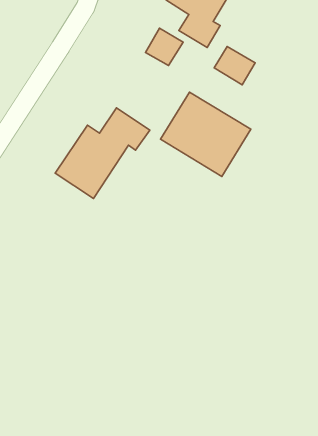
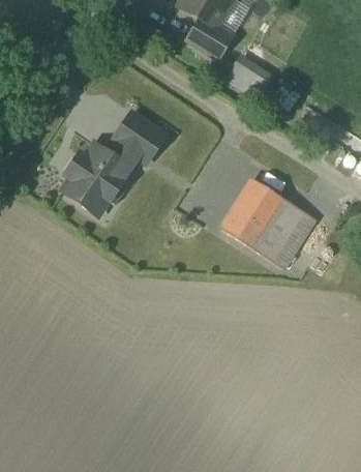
building: [146,28,183,66] -> none
building: [160,92,251,176] -> [221,179,314,266]

